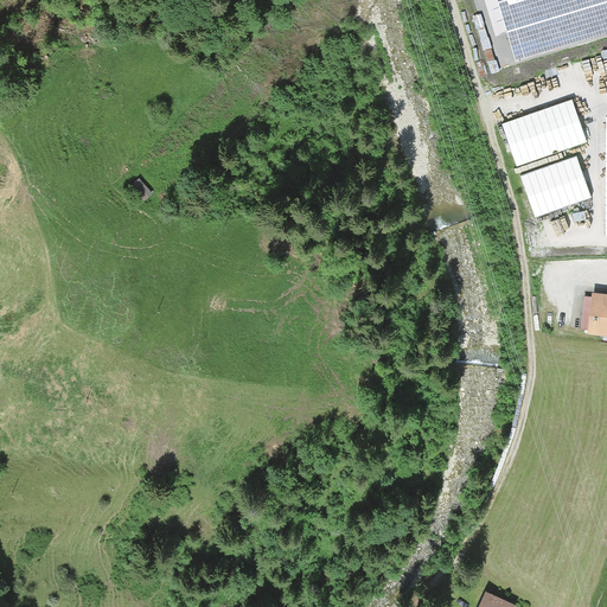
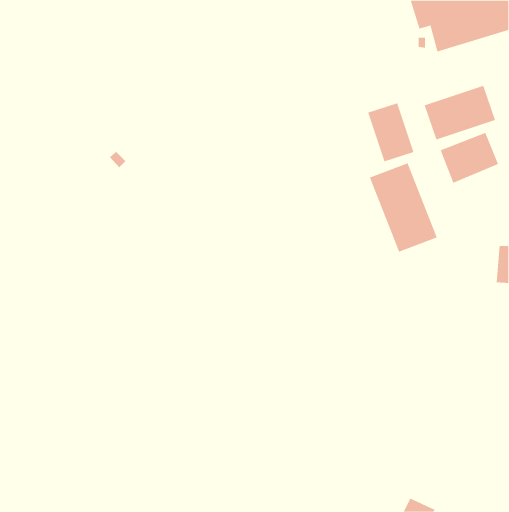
building: none -> [367,103,414,162]
building: none -> [369,162,438,253]

